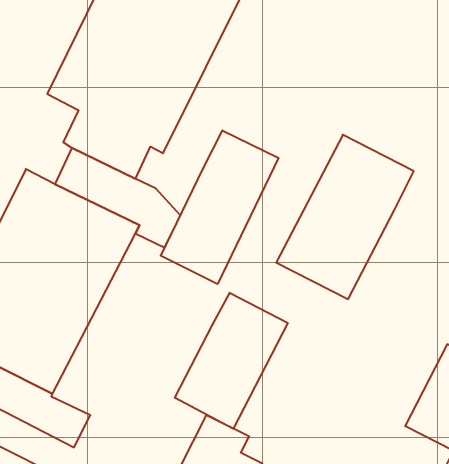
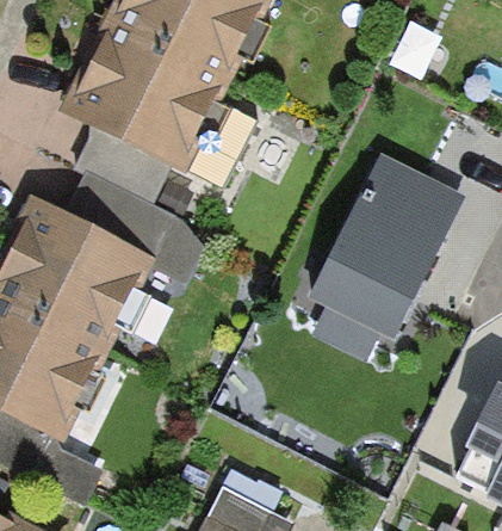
building: [161,130,279,284] -> none
building: [175,293,288,429] -> none

